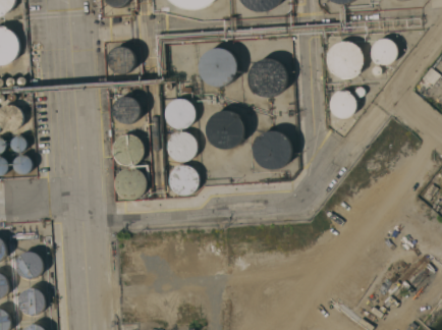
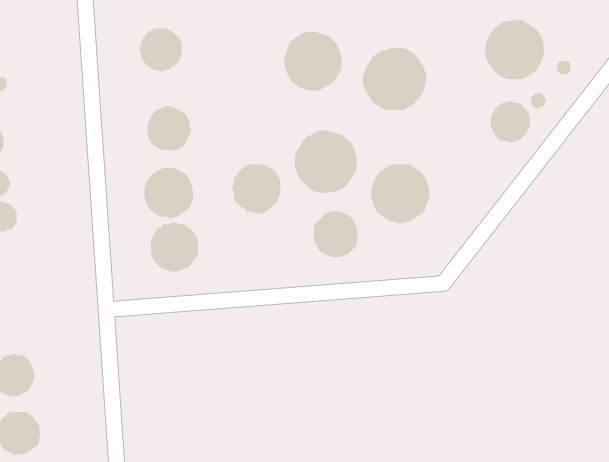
building: [370,38,398,65] -> none
building: [164,98,196,129] -> none
building: [168,165,197,195] -> [313,211,358,258]

